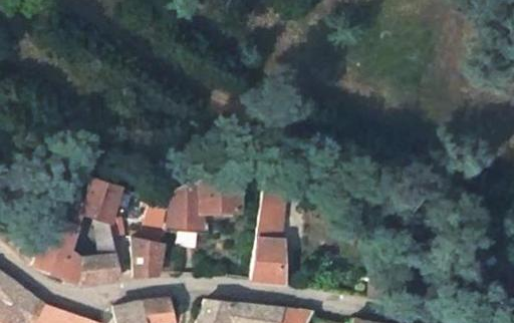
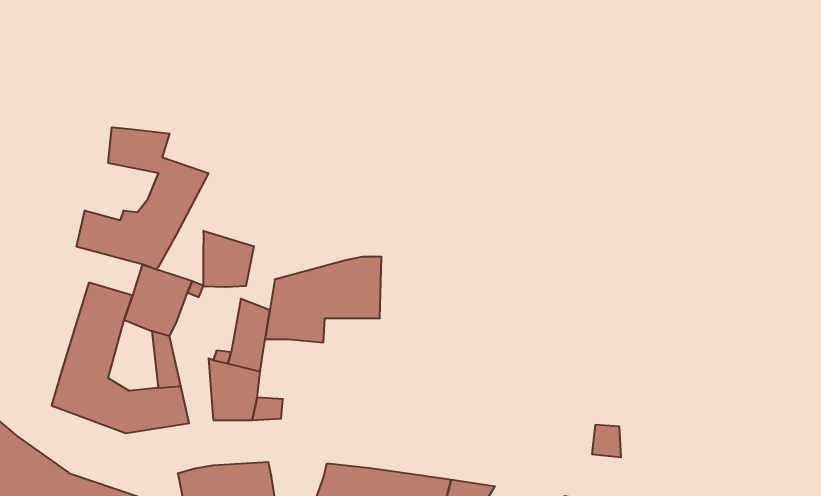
building: none -> [77,127,208,269]
building: none -> [203,231,254,287]
building: [254,178,286,282] -> none

